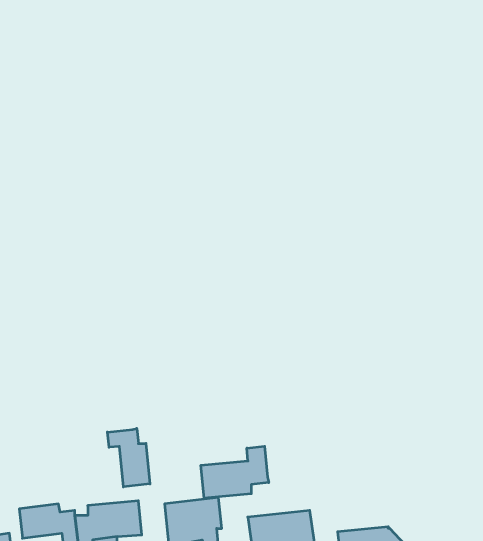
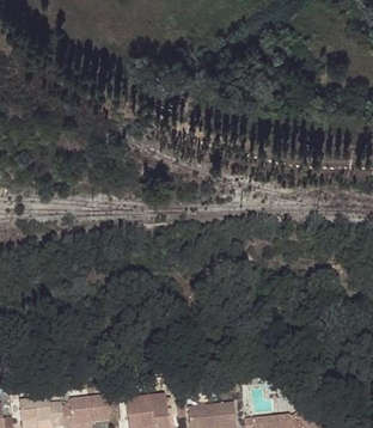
building: [107,428,150,487] -> none
building: [201,446,269,498] -> none

